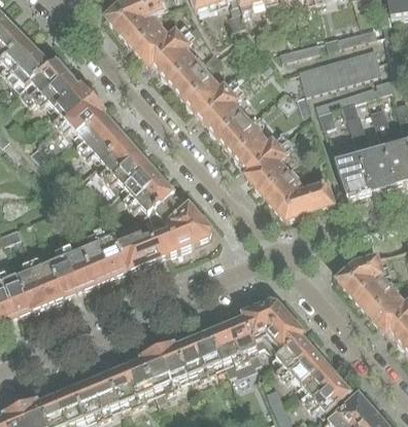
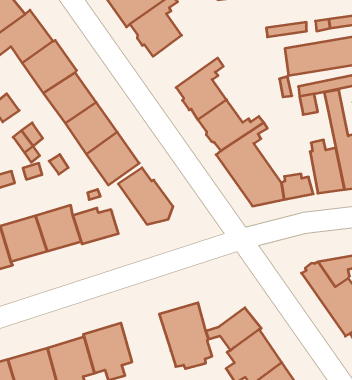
building: [176,66,237,115] -> none
building: [149,211,188,257] -> none
building: [242,300,287,340] -> none
building: [174,328,223,381] -> none

